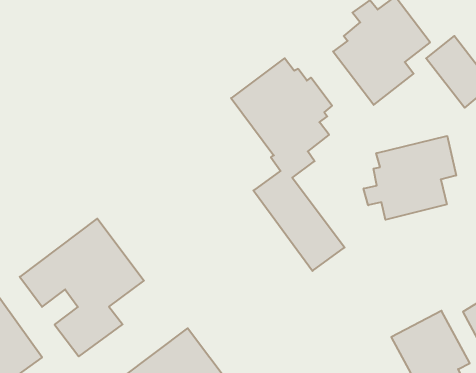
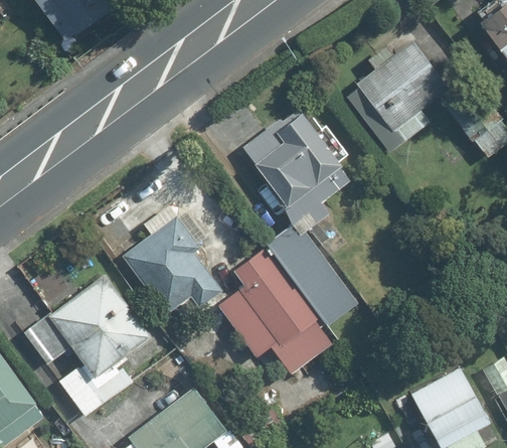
building: [364,136,456,220] -> none
building: none -> [123,217,221,314]
building: none -> [215,247,336,375]

